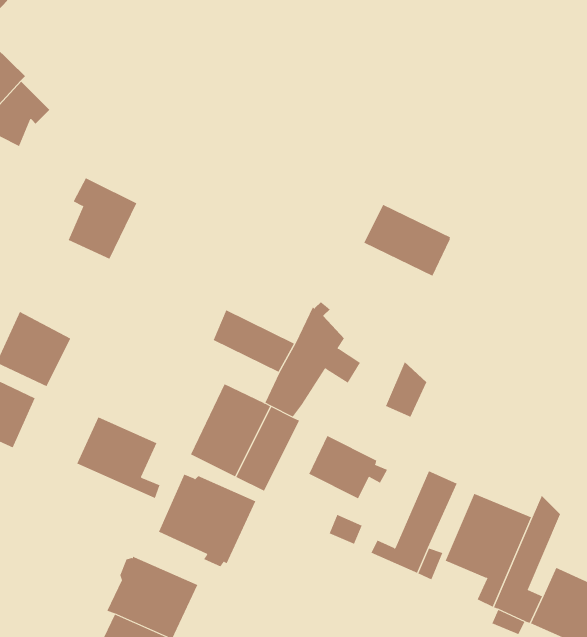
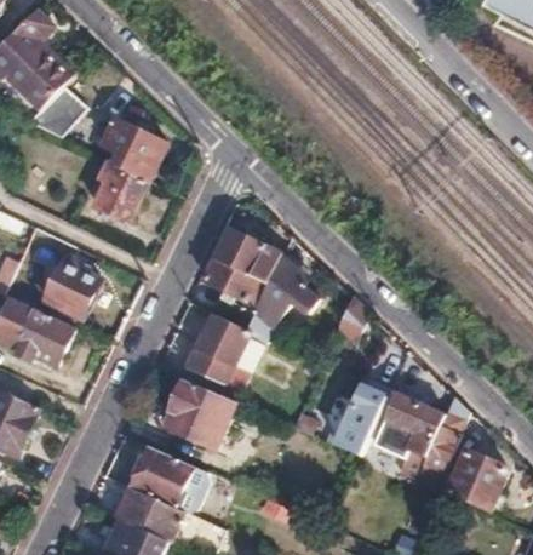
building: none -> [102,116,166,178]
building: [364,204,452,277] -> [214,229,281,284]
building: [76,417,160,499] -> none
building: [309,435,388,499] -> none

